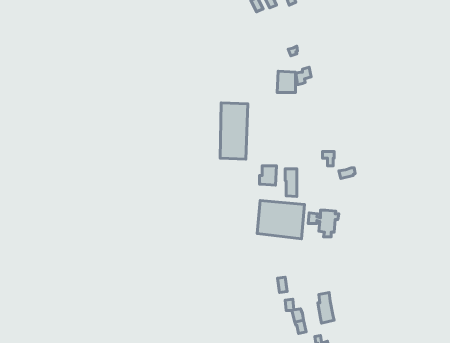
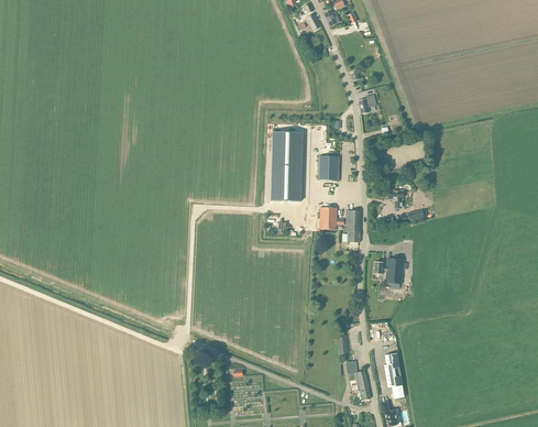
building: [277,71,295,92] -> [318,155,339,179]
building: [257,201,305,239] -> none

